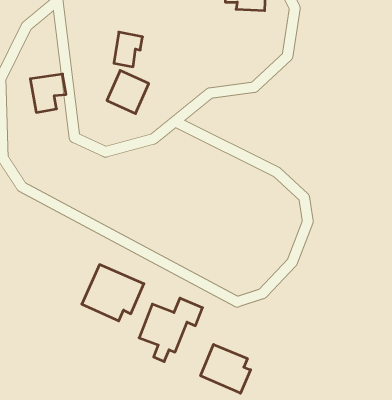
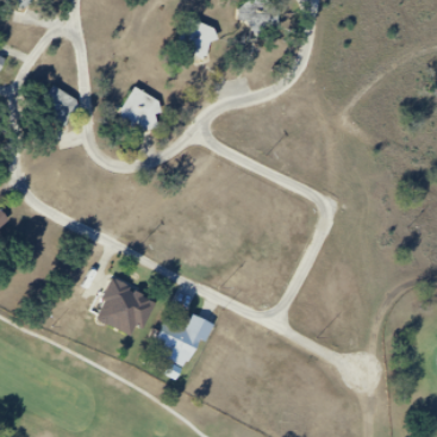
building: [114,32,143,67] -> [189,21,218,56]
building: [201,344,251,393] -> none

